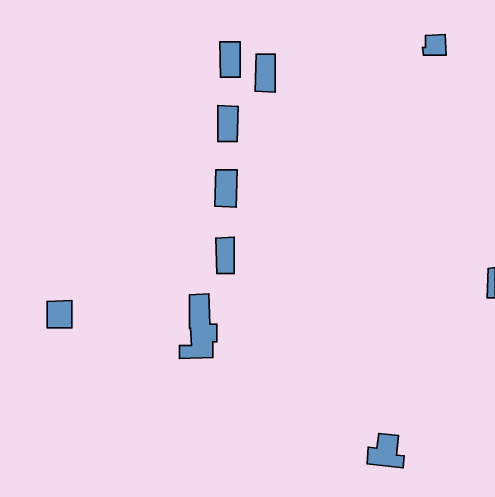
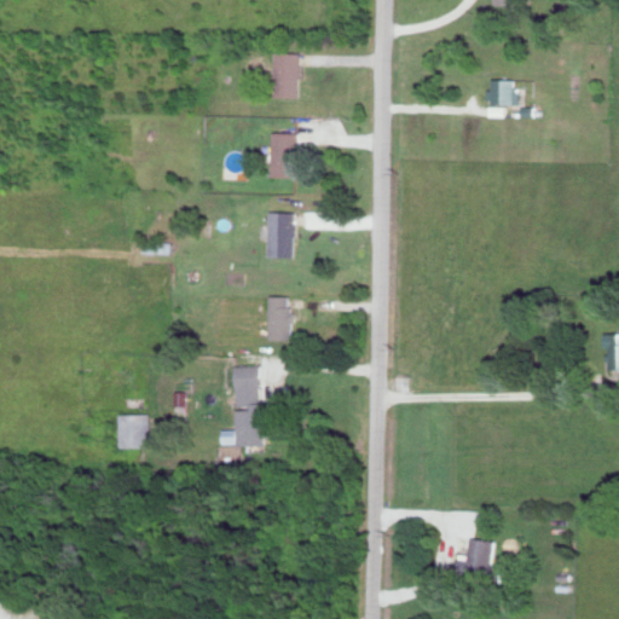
building: [423,35,446,55] -> [485,80,514,105]
building: [255,54,275,92] -> none
building: [47,301,72,328] -> [118,415,149,449]

